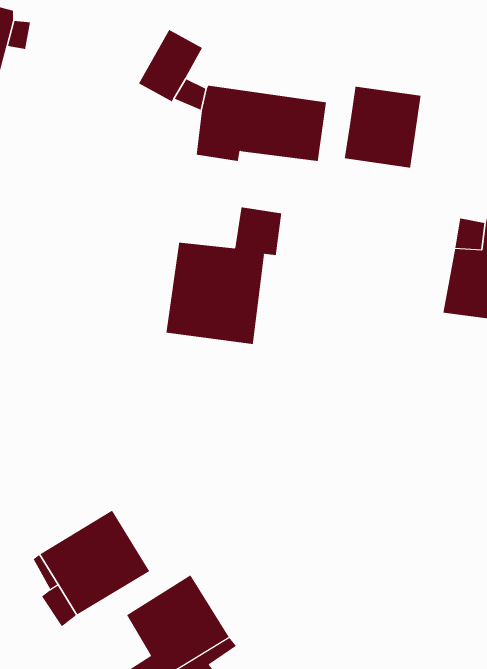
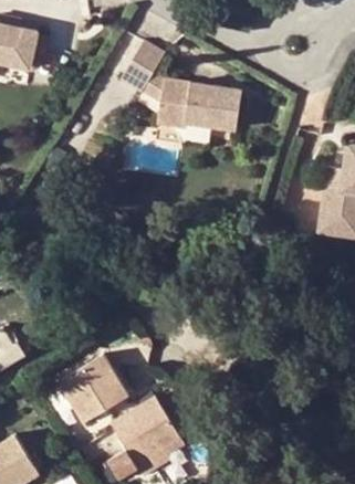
building: [344,86,421,168] -> none
building: [166,207,282,345] -> none

